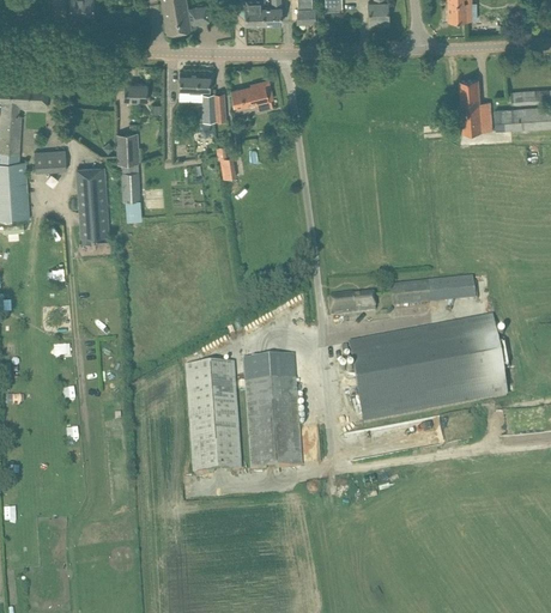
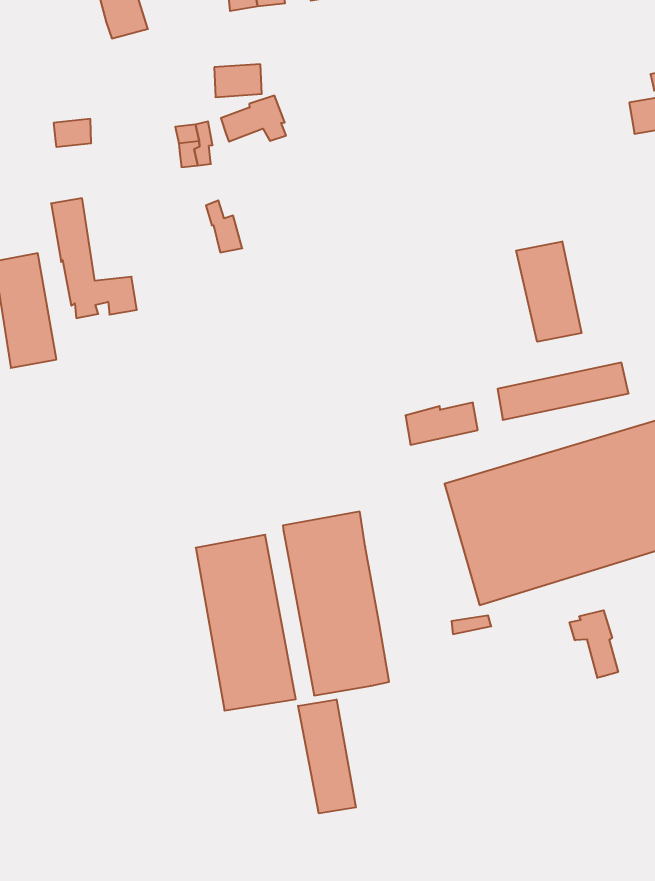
building: [180,71,211,91] -> [214,64,262,97]
building: [460,78,494,132] -> none
building: none -> [516,241,582,342]
building: none -> [570,610,618,678]
building: none -> [298,699,356,813]

